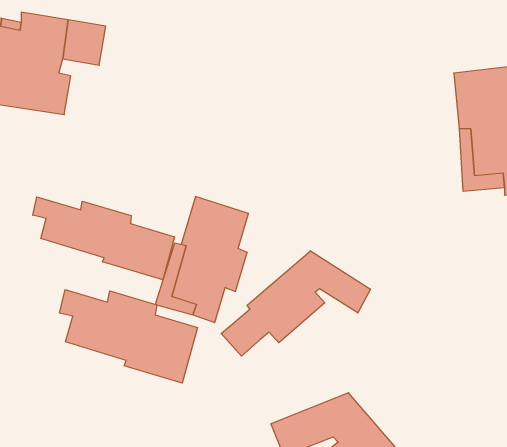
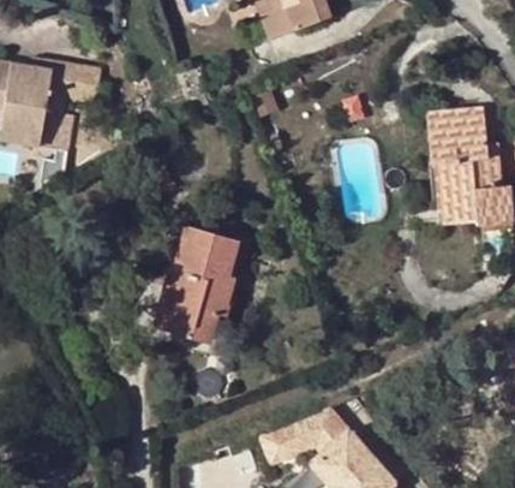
building: [33,197,174,280] -> none
building: [221,251,371,356] -> none
building: [60,290,197,383] -> none

